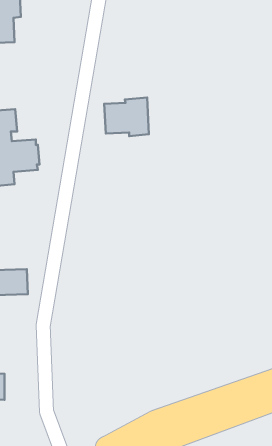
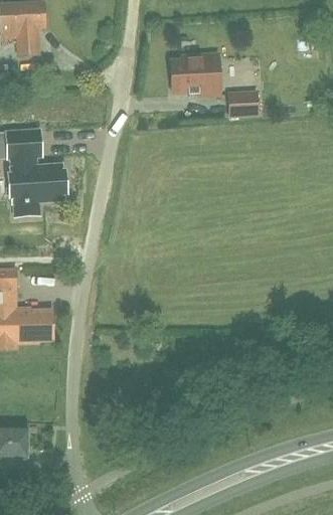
building: none -> [227,90,259,118]
building: [104,98,149,136] -> [170,52,220,96]

